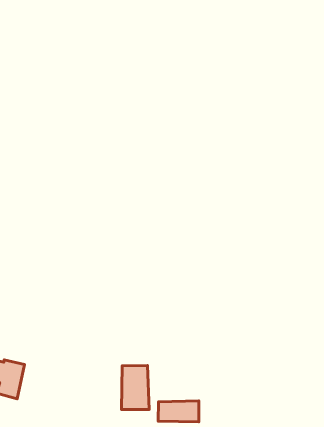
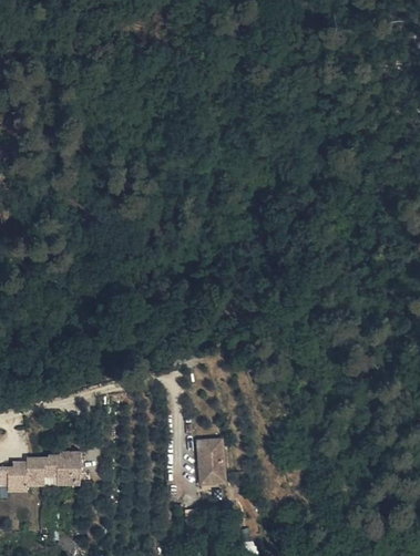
building: [158,401,199,422] -> none

